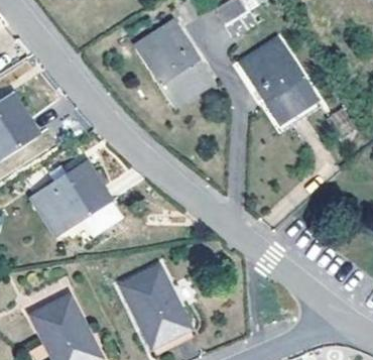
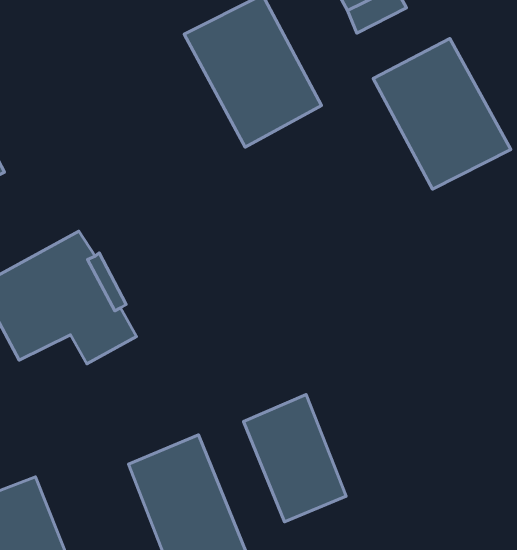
building: none -> [244,394,346,522]

